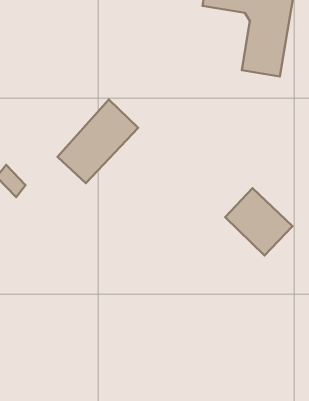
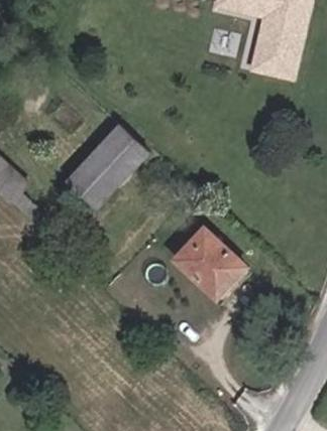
building: [225,188,293,255] -> [175,225,242,292]

